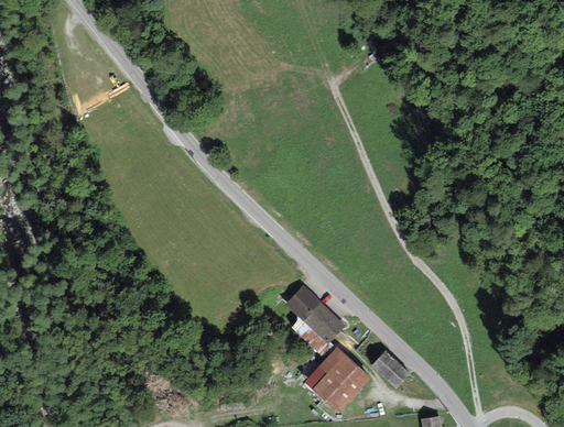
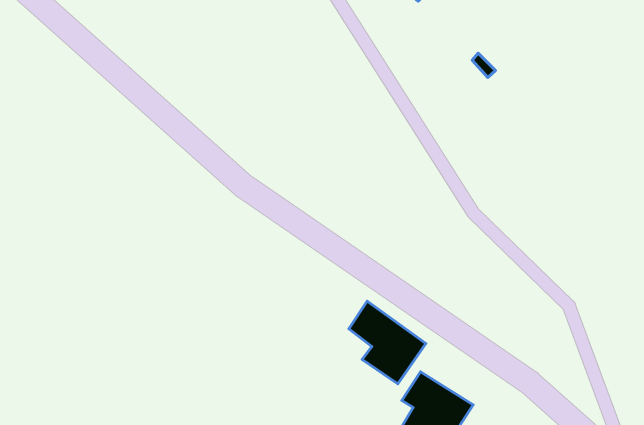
building: [370,351,410,390] -> none

